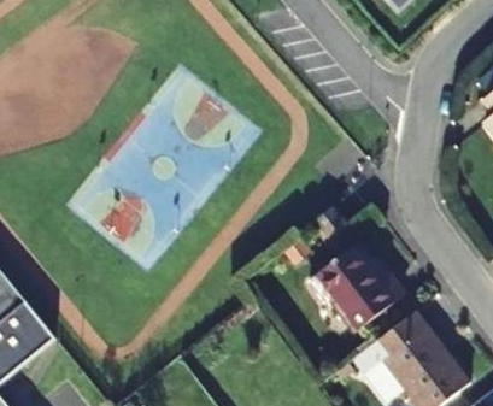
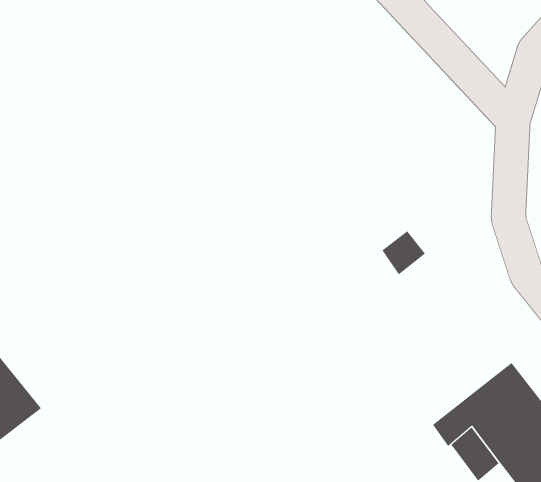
building: [312,240,407,329] -> none

